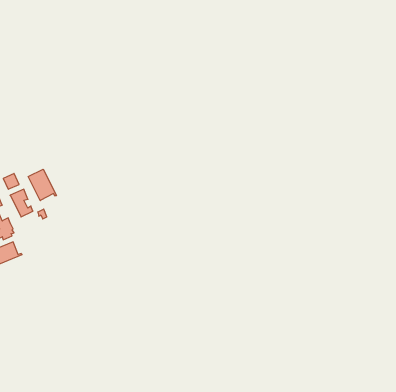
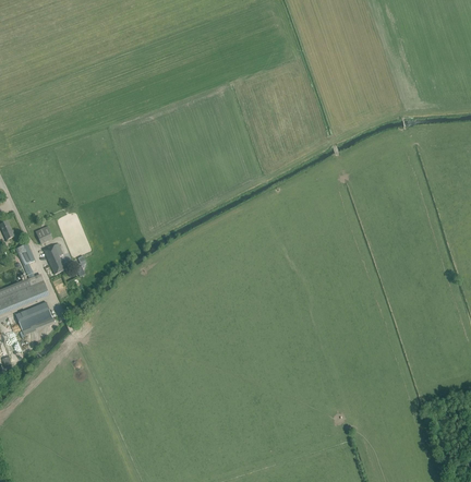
building: [28,169,56,201] -> none

